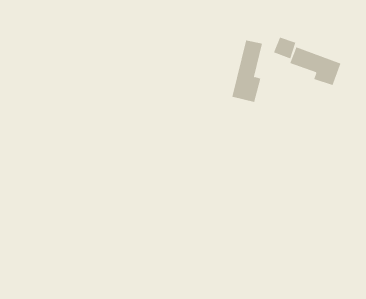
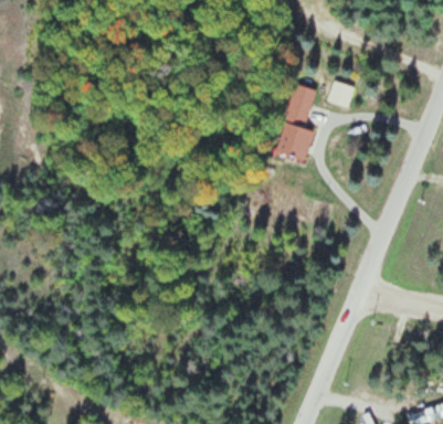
building: [289,47,341,86] -> none

